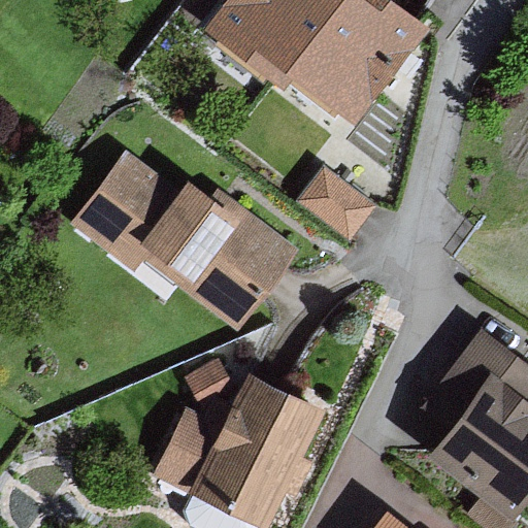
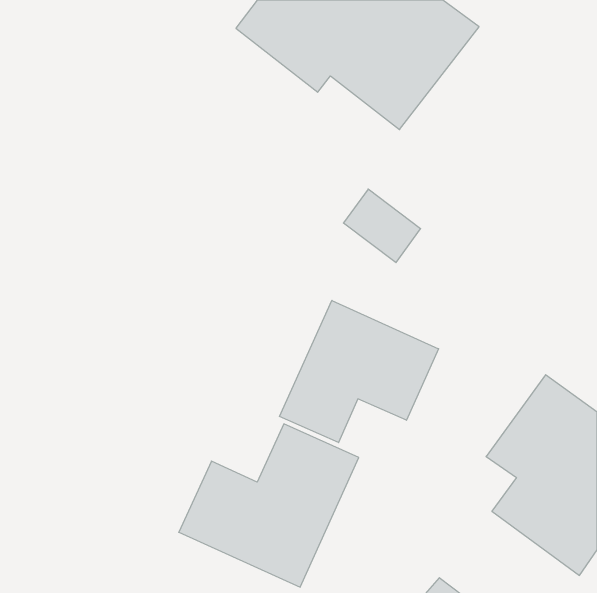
building: [75,156,294,324] -> none
building: none -> [279,300,439,443]

